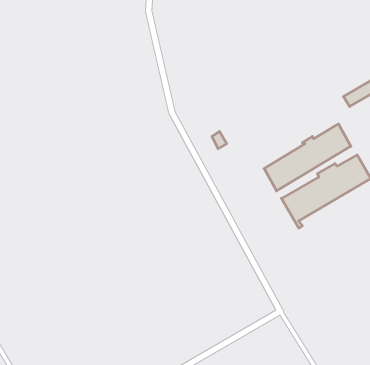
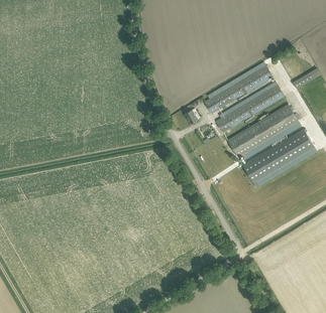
building: none -> [205,64,274,113]
building: none -> [216,84,285,132]

